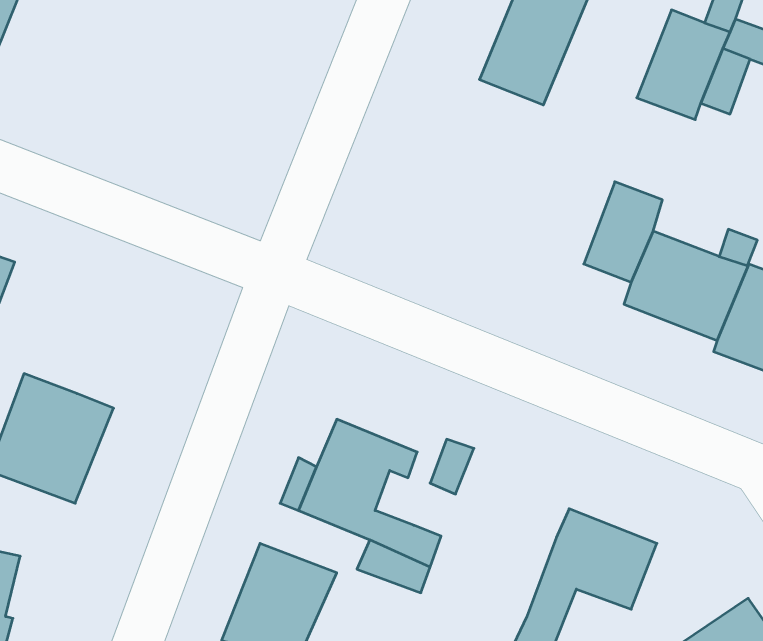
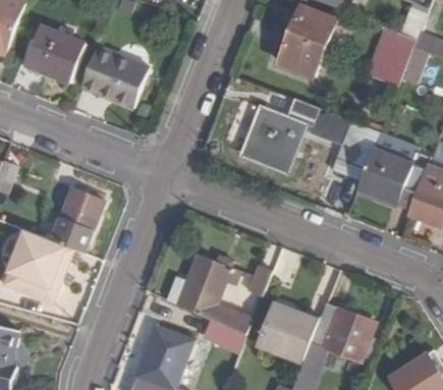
building: none -> [24,24,85,81]
building: none -> [80,46,148,107]
building: none -> [240,99,331,174]
building: none -> [51,188,104,253]
building: none -> [256,302,318,364]

